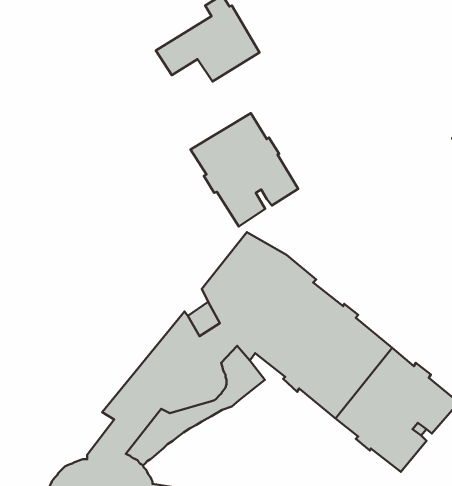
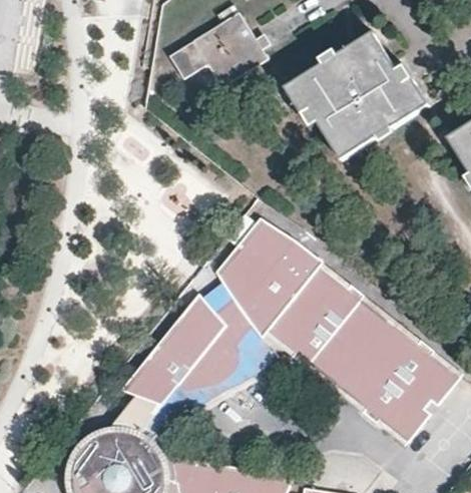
building: none -> [286,30,428,156]
building: [190,113,298,227] -> none

